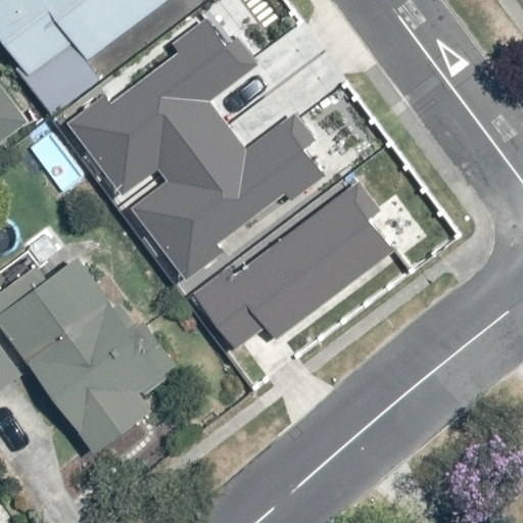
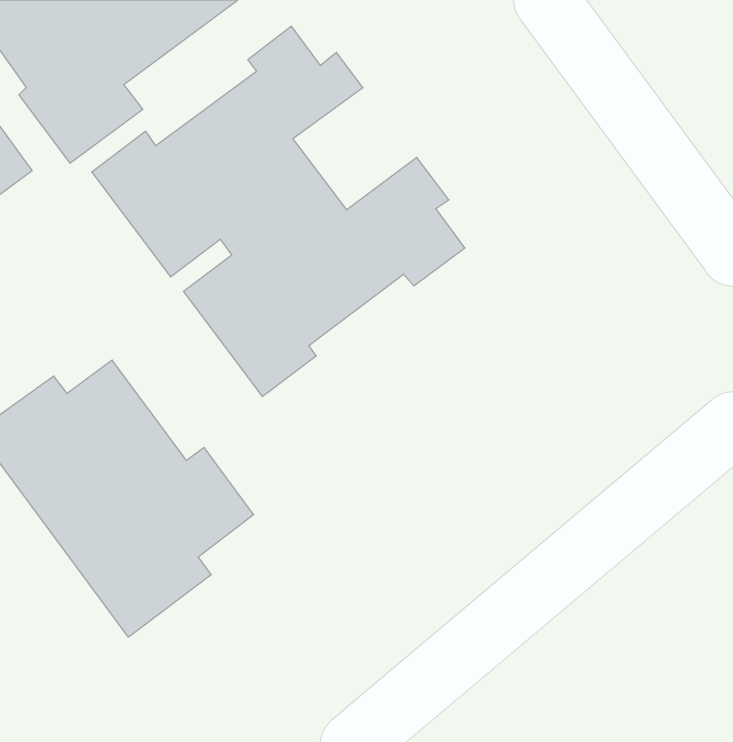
building: [192,182,394,348] -> none

